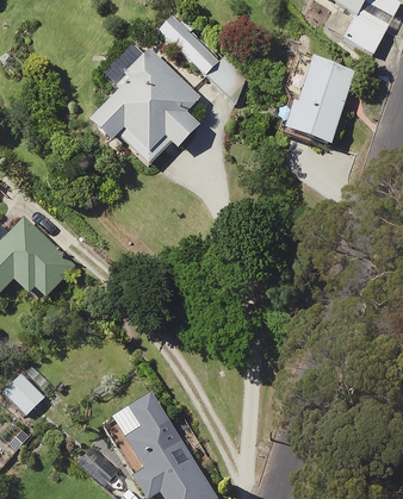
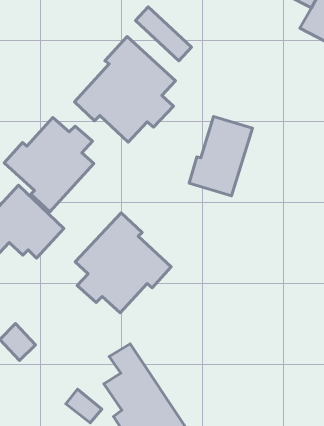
building: [283,55,354,144] -> [189,117,253,196]
building: none -> [4,118,94,212]
building: none -> [75,213,171,313]

